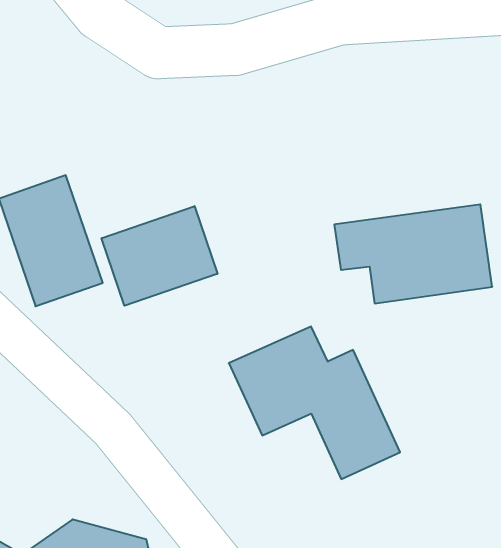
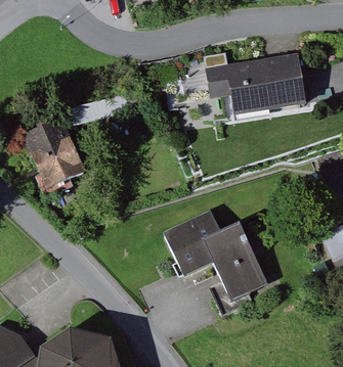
building: [334,204,492,303] -> [207,54,303,114]
building: [102,206,217,306] -> none

